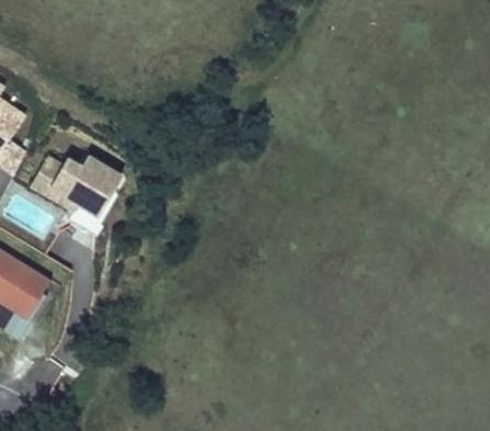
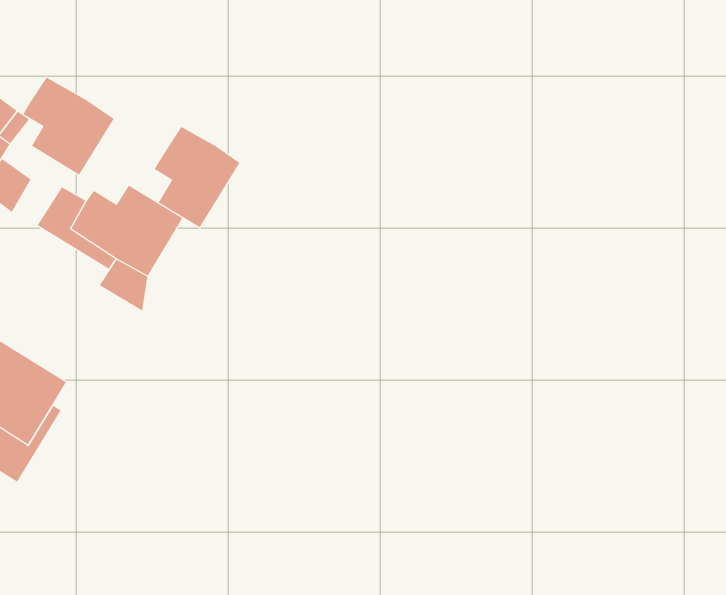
building: none -> [23,77,115,176]
building: none -> [154,126,240,228]

